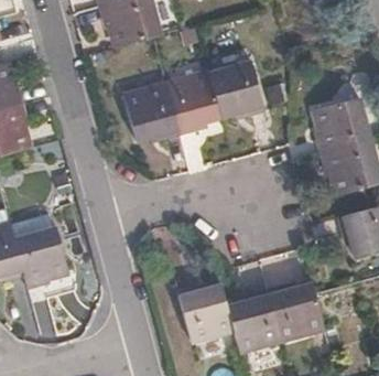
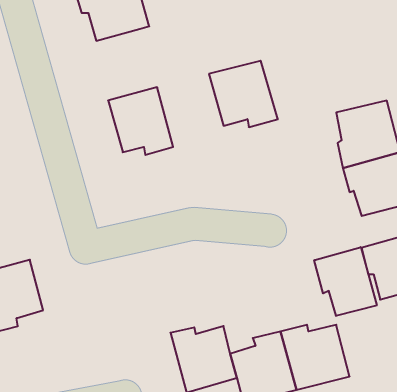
building: [166,75,221,136] -> none
building: none -> [314,247,377,316]

